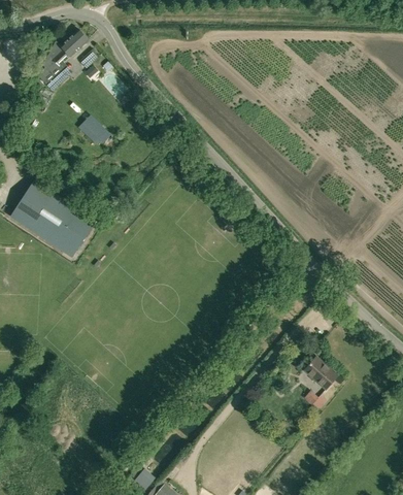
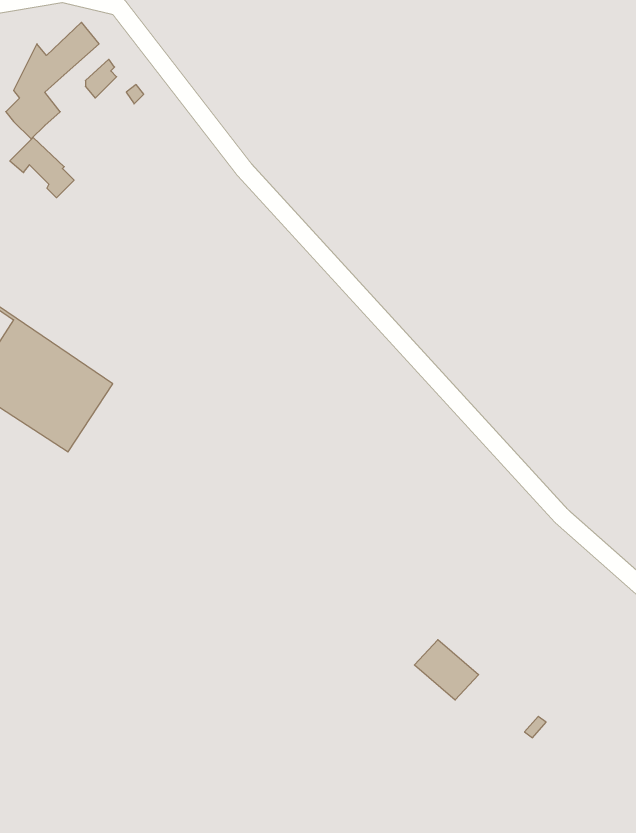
building: [76,116,110,147] -> [10,138,74,198]
building: [303,357,337,389] -> [414,640,479,700]

